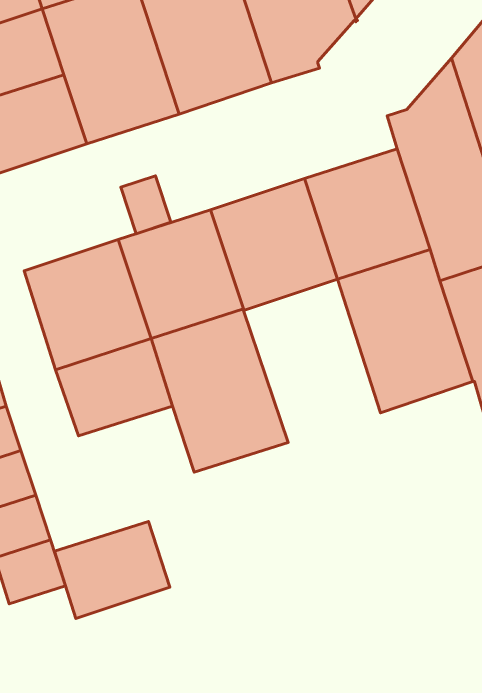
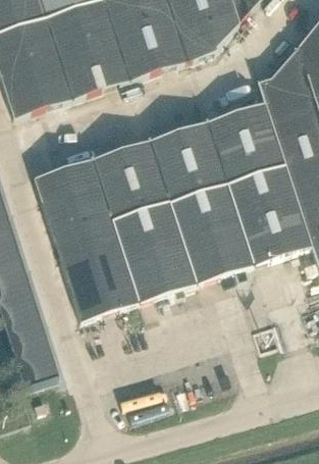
building: [121,176,171,234] -> none
building: none -> [170,182,255,282]
building: [54,521,170,619] -> [68,260,140,320]

